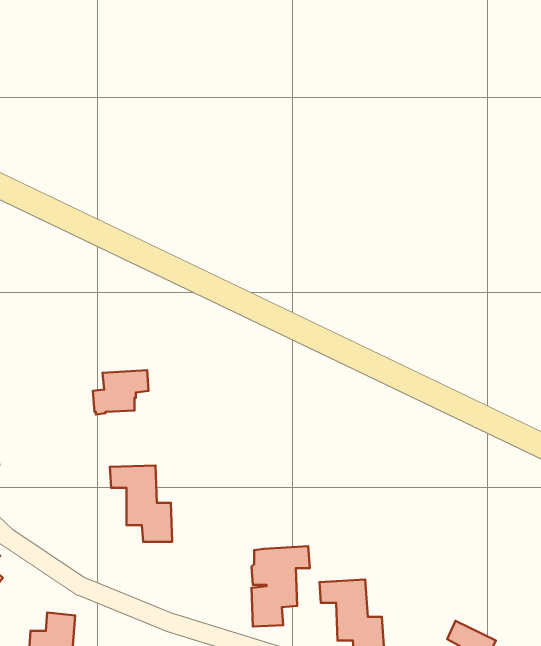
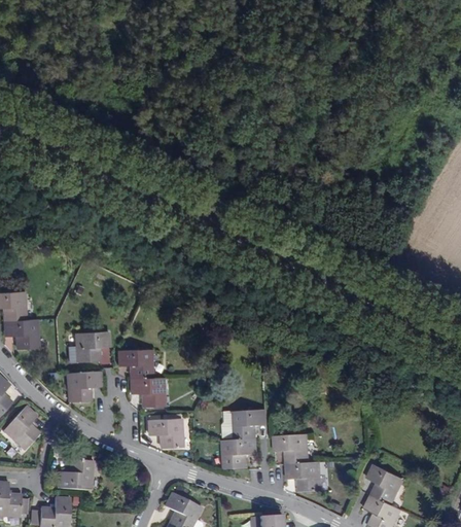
building: [93,370,148,415] -> [65,332,106,365]
building: none -> [67,371,101,401]
building: none -> [149,417,183,448]

